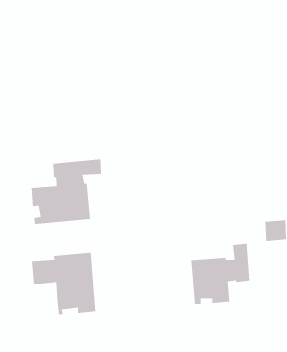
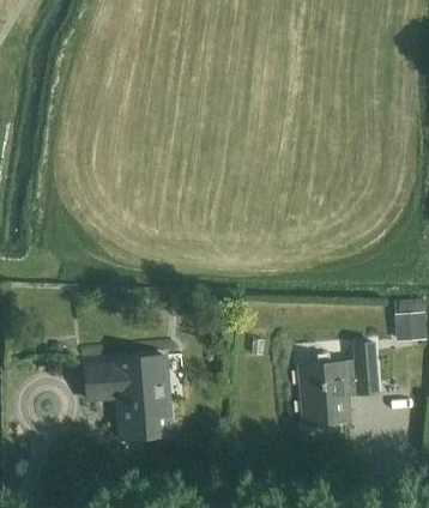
building: [31,158,102,225] -> none

